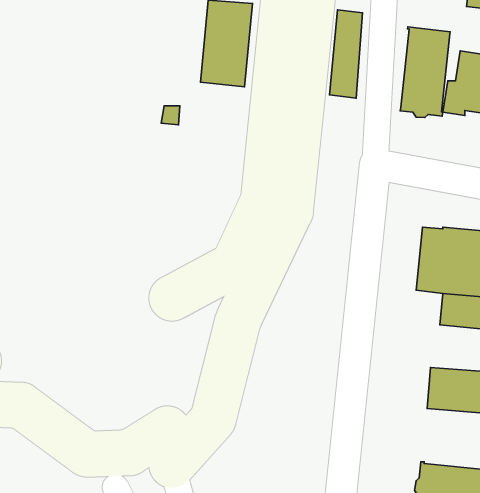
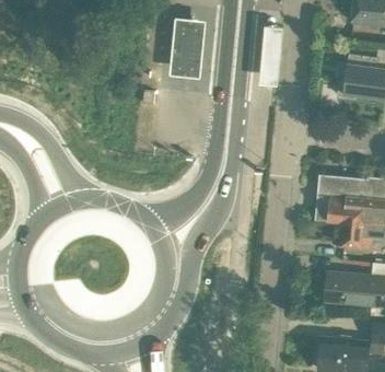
building: [400,27,450,117] -> none

